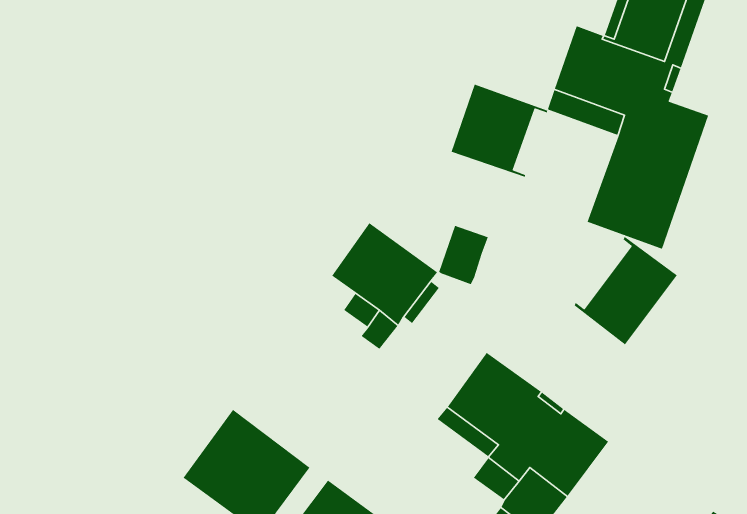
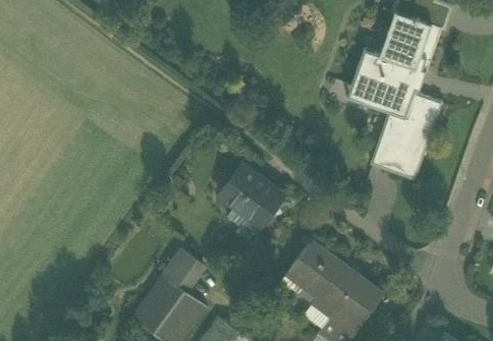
building: [450,83,548,178] -> none
building: [438,225,489,285] -> none
building: [573,236,678,346] -> none
building: none -> [163,249,204,291]

